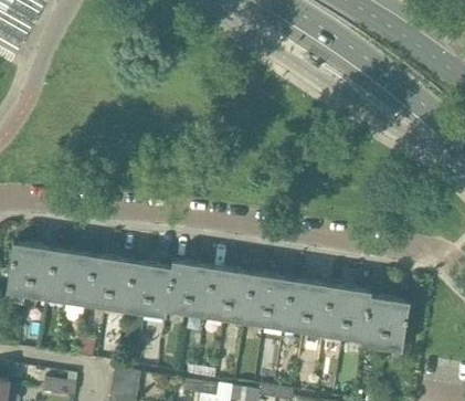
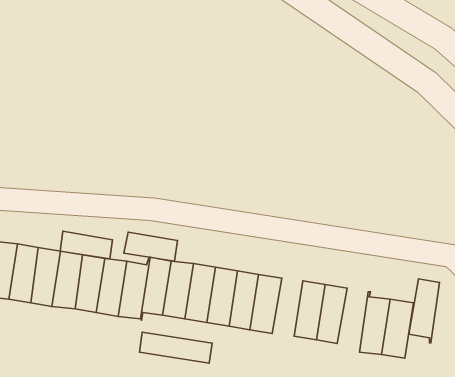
building: none -> [60,231,112,259]
building: none -> [124,232,178,261]
building: [283,281,310,333] -> none
building: [341,289,369,347] -> [409,279,439,343]
building: none -> [139,332,212,363]

